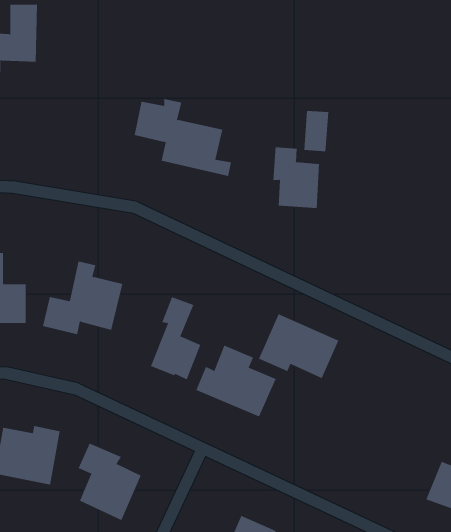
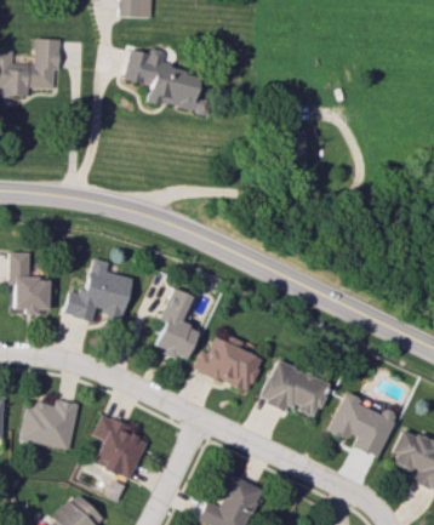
building: [134,98,232,176] -> [125,47,209,114]
building: [273,147,319,209] -> none
building: [258,314,339,379] -> [261,360,330,416]
building: none -> [330,390,398,458]

